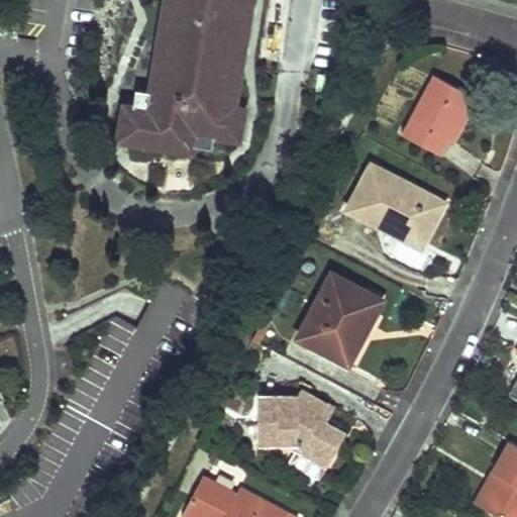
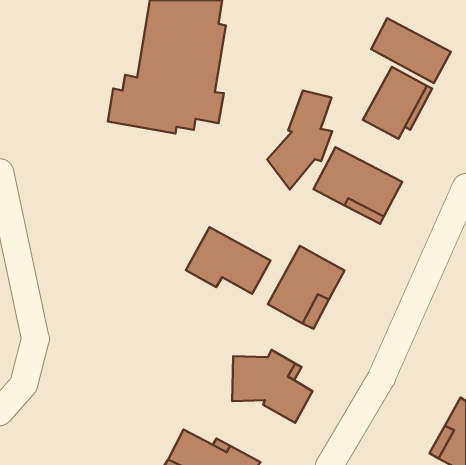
building: none -> [371,18,451,83]
building: none -> [267,90,332,189]
building: none -> [186,227,270,294]

